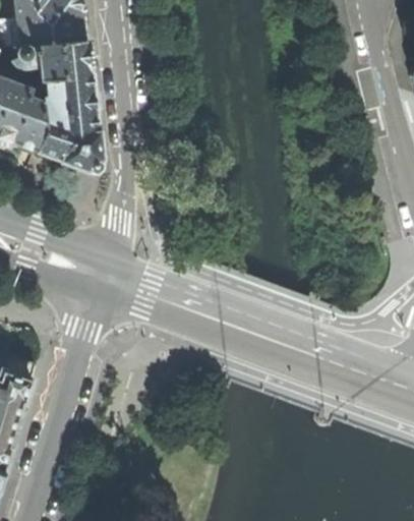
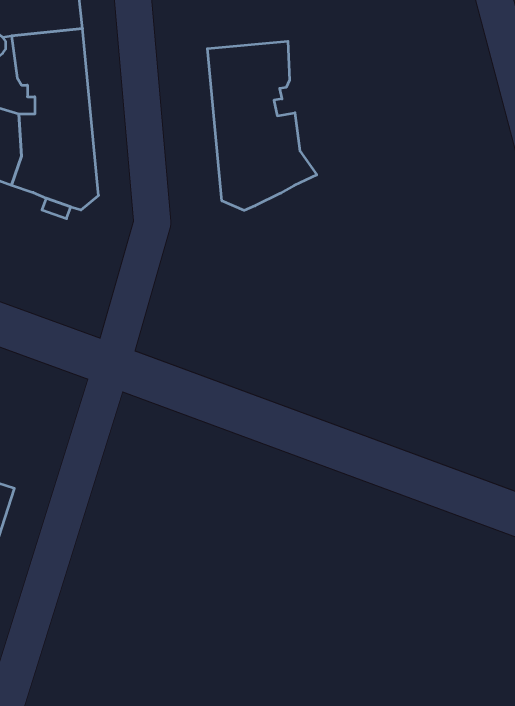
building: none -> [207,41,317,210]

